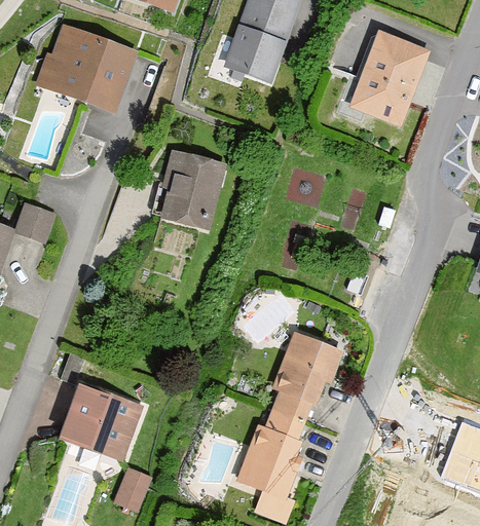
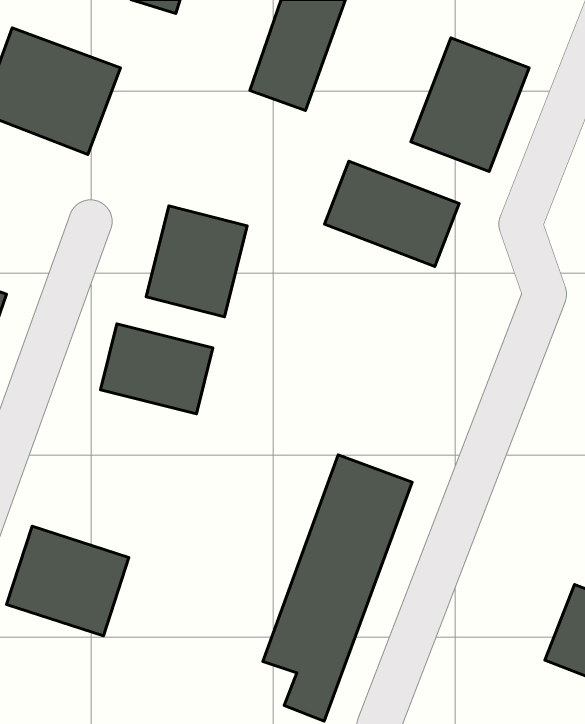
building: none -> [325,161,459,266]
building: none -> [100,324,213,414]
building: [115,465,154,510] -> none

